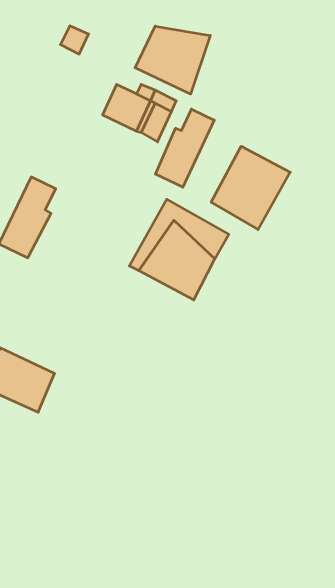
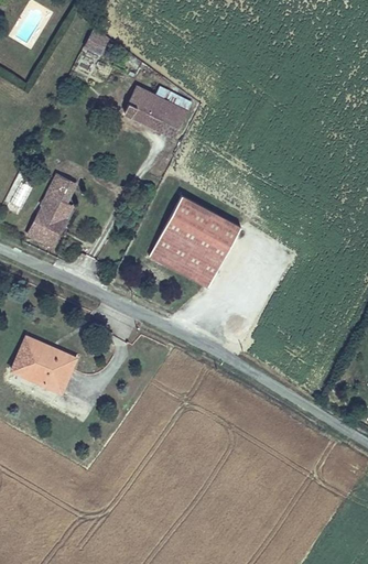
building: [135,26,210,94] -> none
building: [155,109,214,187] -> none
building: [211,146,290,230] -> none

